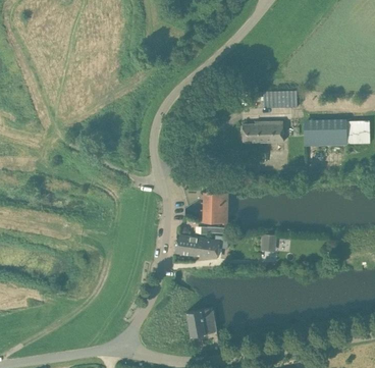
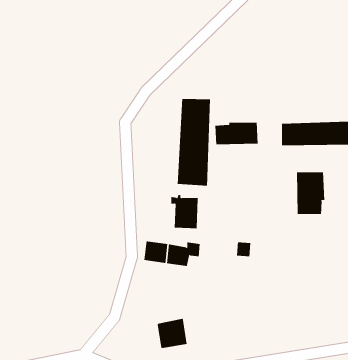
building: [263,91,298,107] -> none
building: none -> [177,98,211,186]
building: none -> [297,172,325,215]

